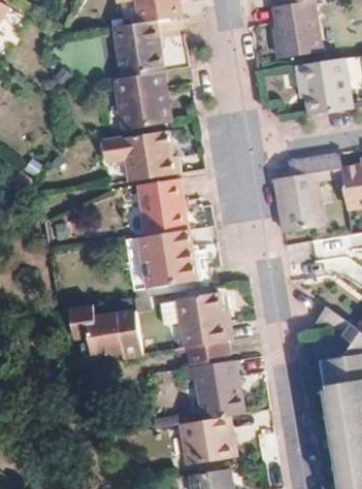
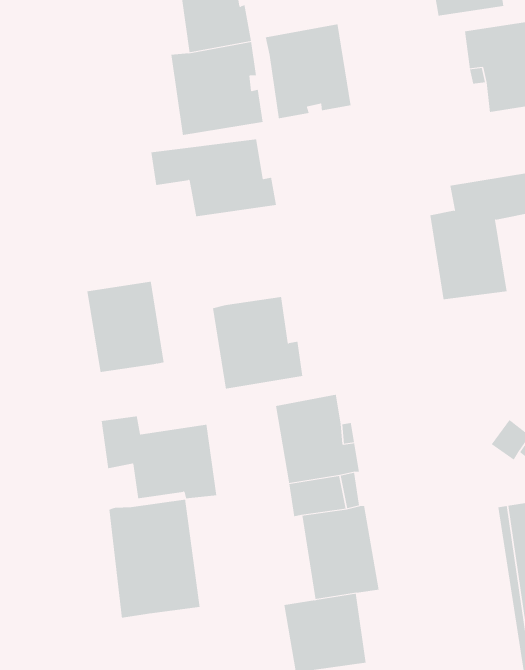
building: none -> [265,23,351,119]
building: [139,178,188,235] -> [87,281,165,372]
building: none -> [109,499,200,618]

